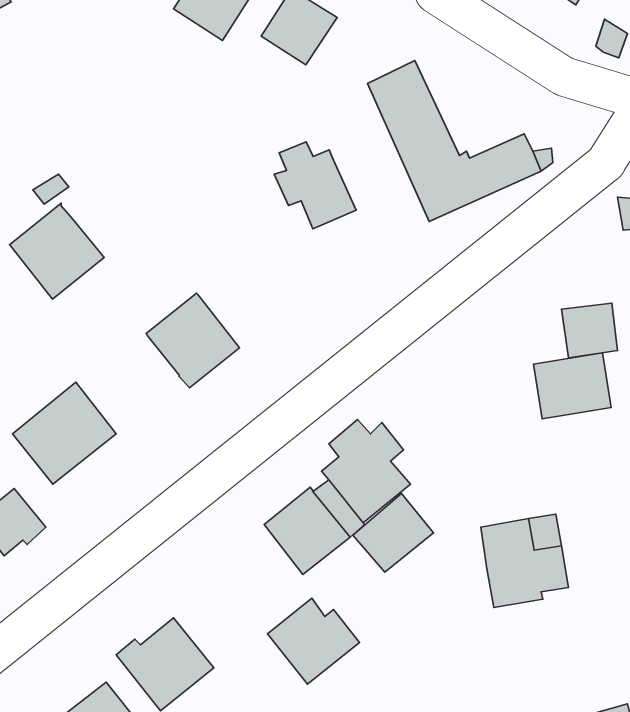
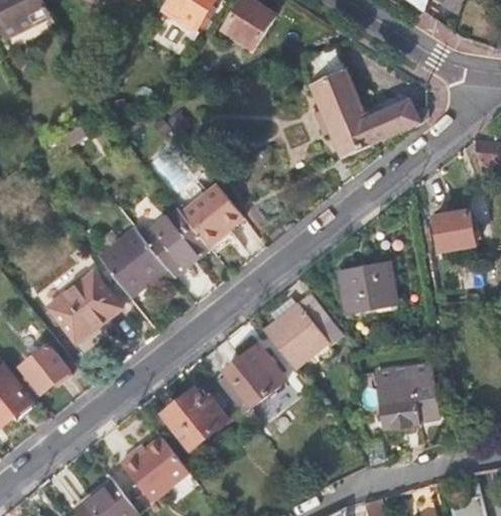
building: [274,142,356,229] -> none
building: [9,203,104,299] -> [98,228,164,295]
building: none -> [179,183,242,246]
building: [534,353,611,419] -> [341,264,395,310]
building: [353,494,433,572] -> none
building: [267,598,359,684] -> [161,388,226,448]

